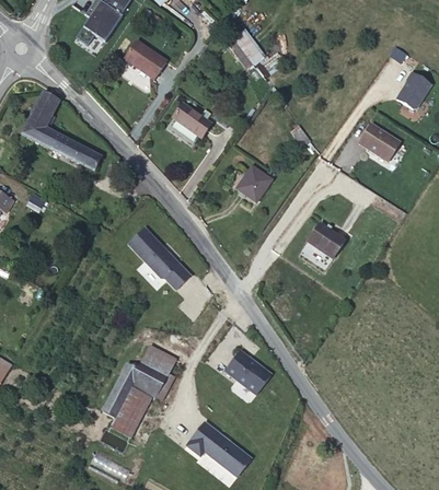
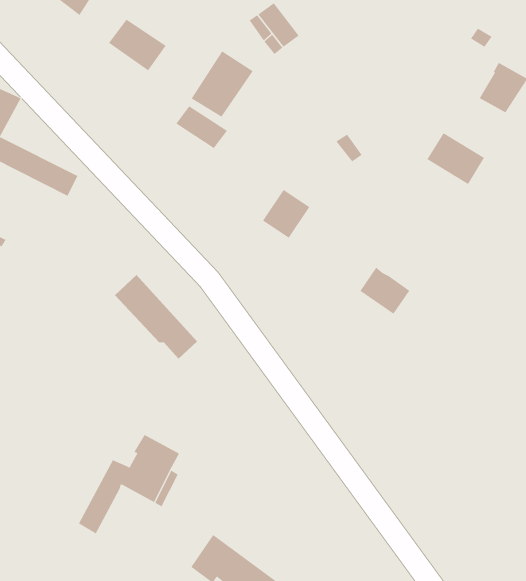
building: none -> [191,51,254,117]
building: [224,350,270,394] -> none
building: [111,385,148,434] -> none

